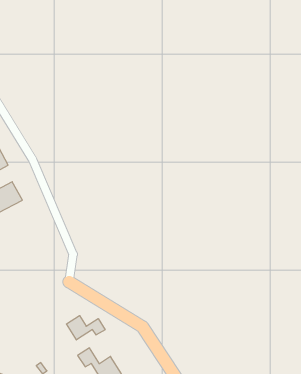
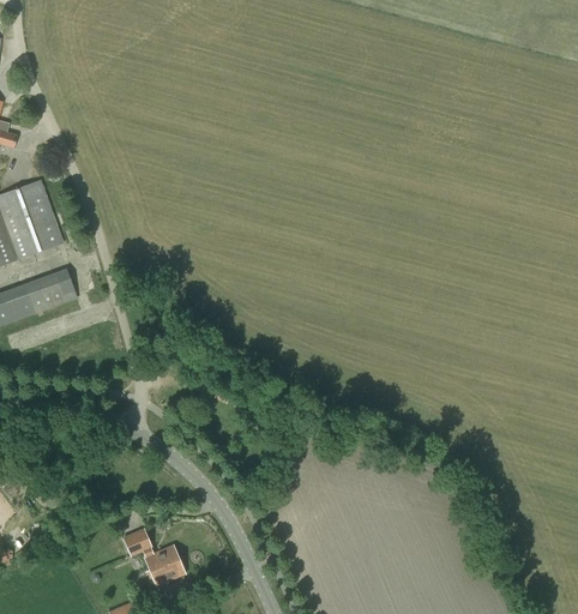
building: [66,316,105,340] -> none

